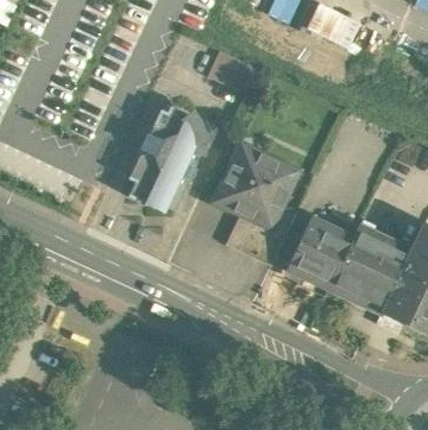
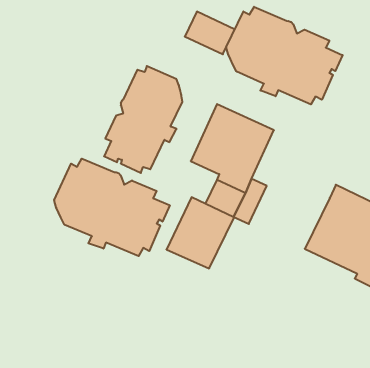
building: none -> [226,7,343,104]
building: none -> [54,159,170,256]
building: [285,215,353,286] -> [166,197,234,268]

